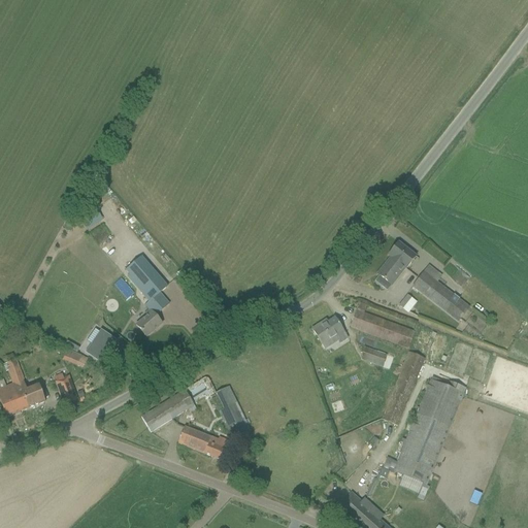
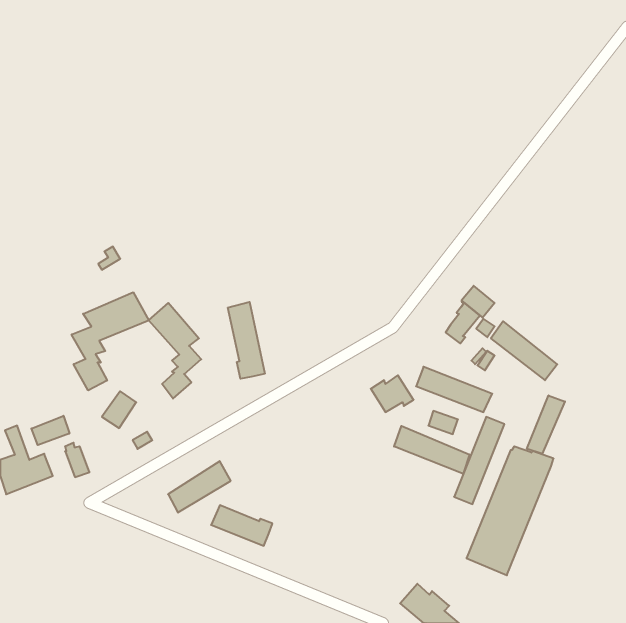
building: none -> [72,292,149,390]
building: none -> [228,302,265,379]
building: none -> [527,395,565,454]
building: none -> [31,416,69,445]
building: none -> [394,426,469,474]
building: [217,385,251,438] -> none

